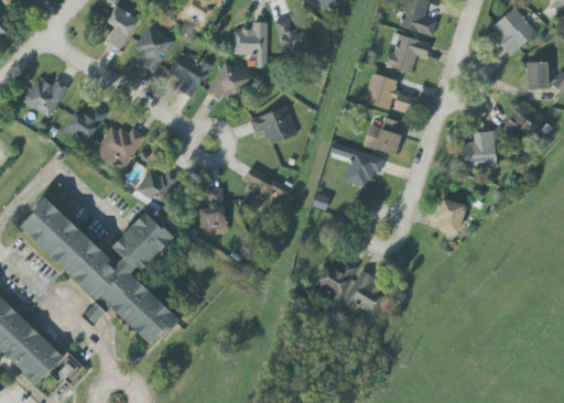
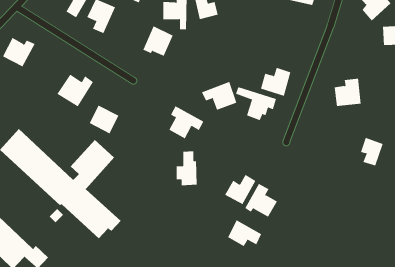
building: [386,33,430,74] -> none
building: [167,52,212,97] -> none
building: [364,74,413,113] -> none
building: [500,102,535,143] -> none
building: [64,104,106,143] -> none
building: [249,106,296,144] -> [201,81,237,110]
building: [198,188,227,235] -> [176,151,198,186]
building: [435,197,466,236] -> [360,137,384,166]
building: none -> [227,219,262,247]

